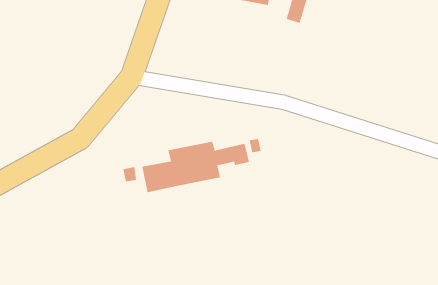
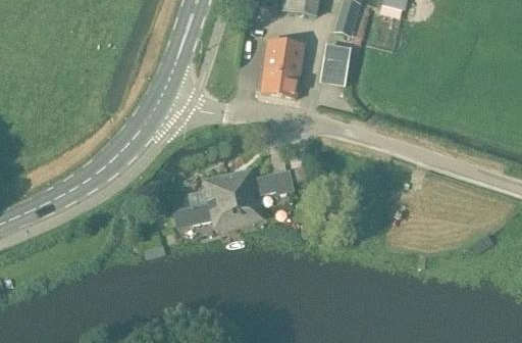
building: none -> [260,39,304,97]
building: none -> [321,56,349,84]

